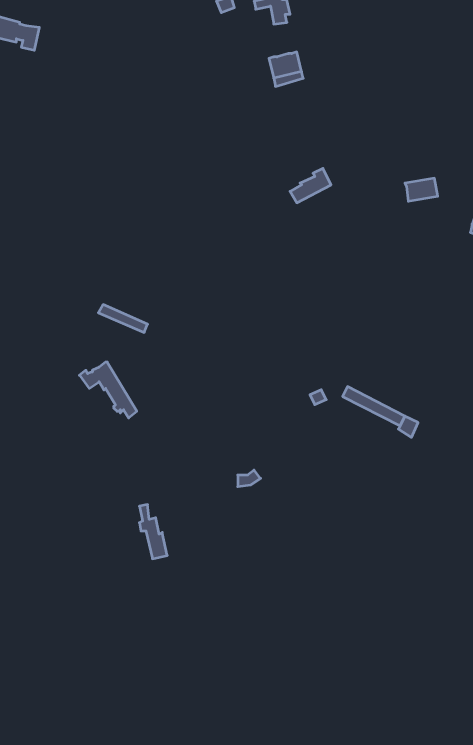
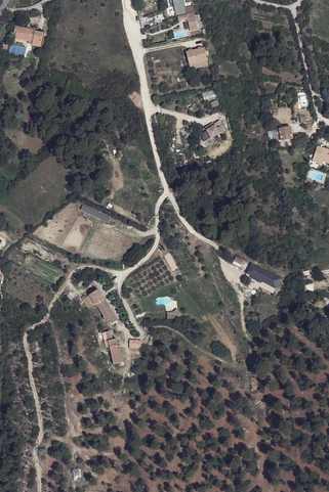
building: [79,362,137,418] -> [81,288,117,323]

